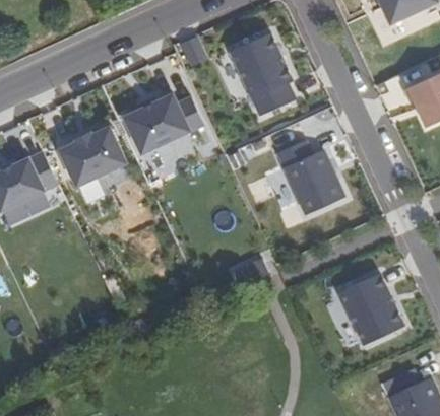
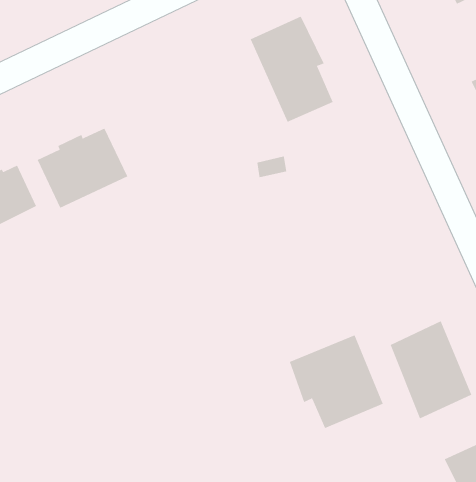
building: [124,92,204,155] -> none
building: [277,138,347,215] -> none
building: none -> [289,335,384,429]

